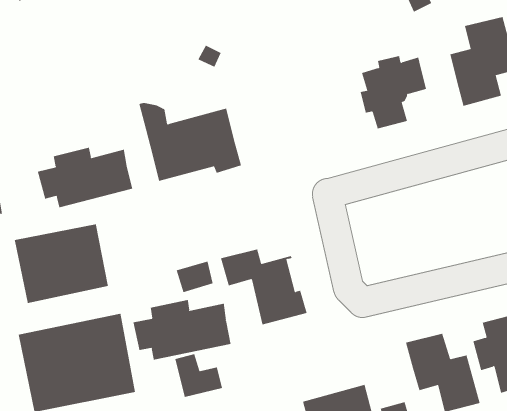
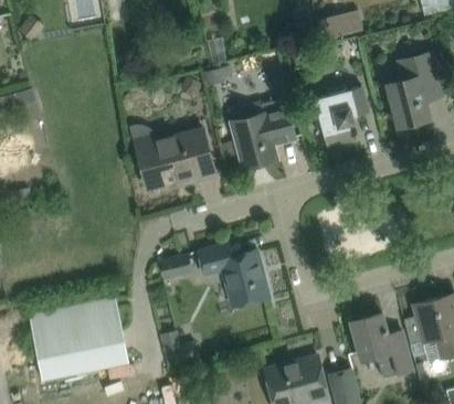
building: none -> [228,98,295,168]
building: [37,147,133,208] -> none
building: [14,224,109,304] -> none
building: [133,299,231,360] -> none

